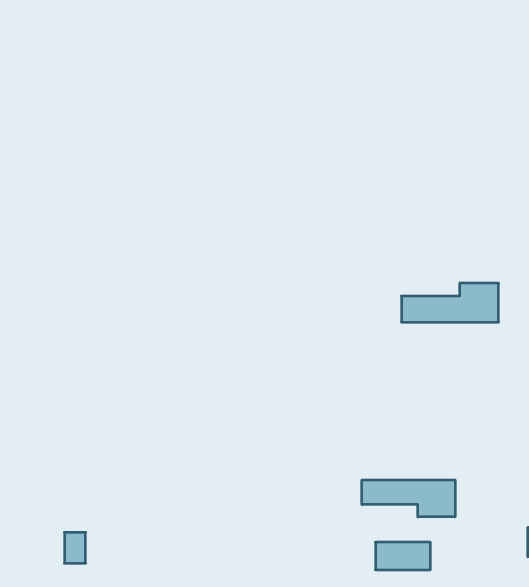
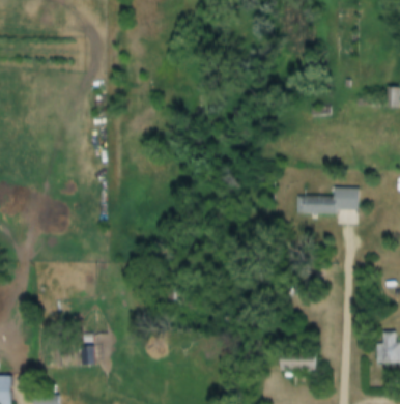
building: [362,480,455,517] -> none

